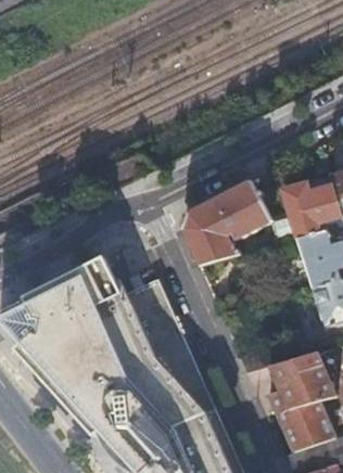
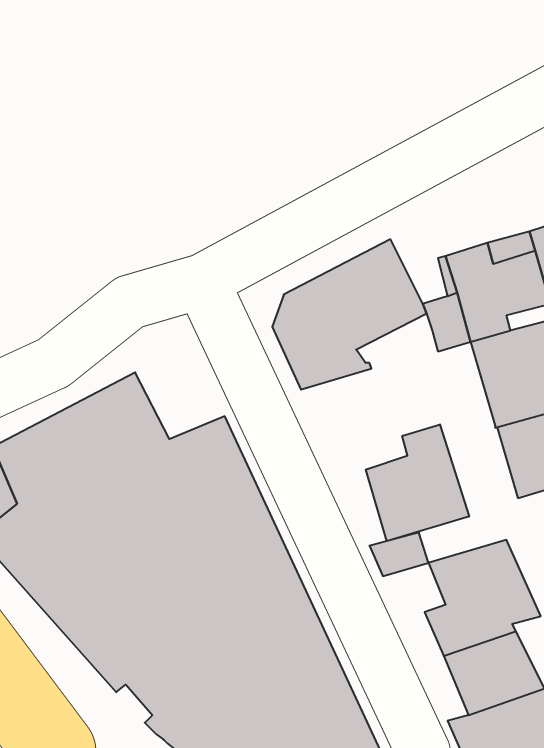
building: none -> [366,424,469,541]

